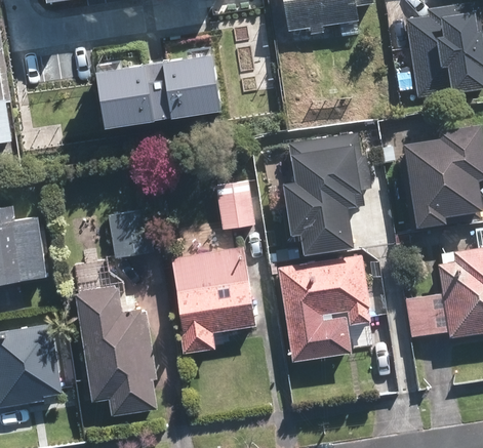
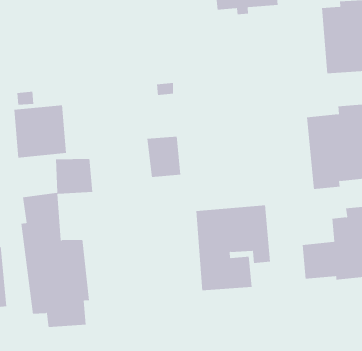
building: [168,55,223,114] -> none
building: [98,64,164,129] -> [14,105,67,158]
building: [277,137,366,259] -> none
building: [166,242,258,354] -> none

